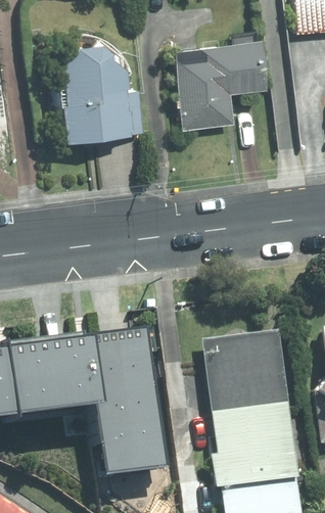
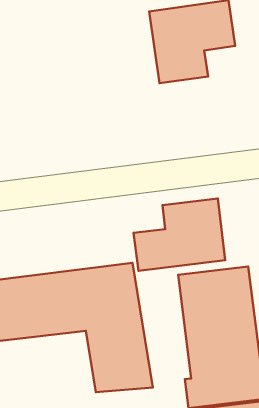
building: [51,45,146,142] -> none
building: none -> [134,198,225,271]

